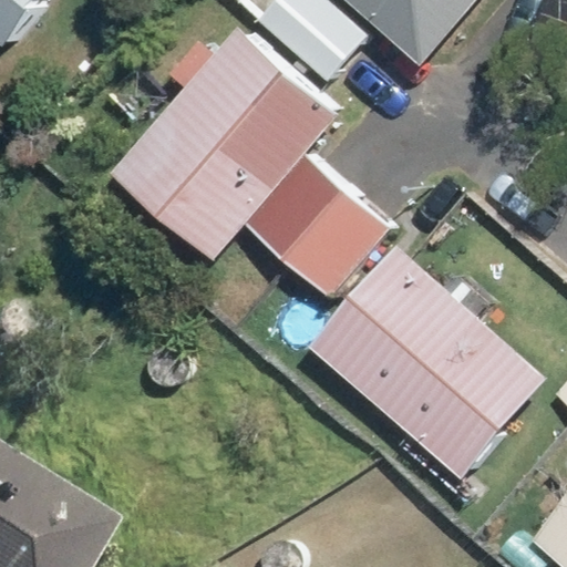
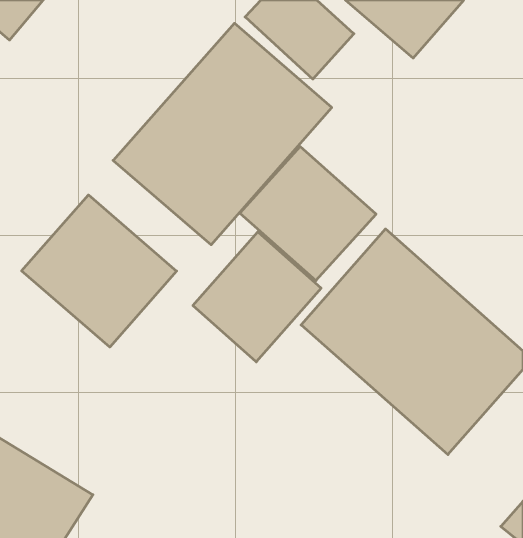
building: none -> [22,195,177,347]
building: none -> [193,232,321,362]

